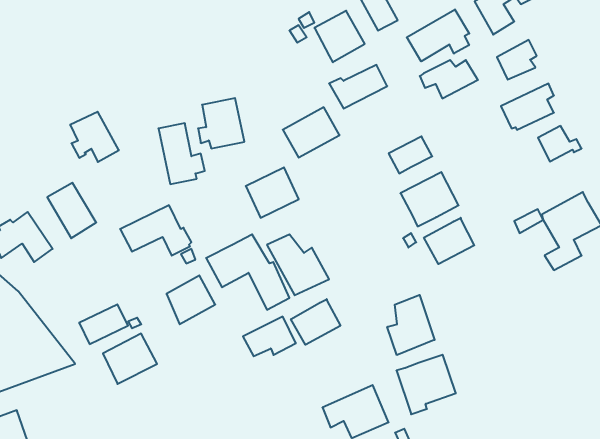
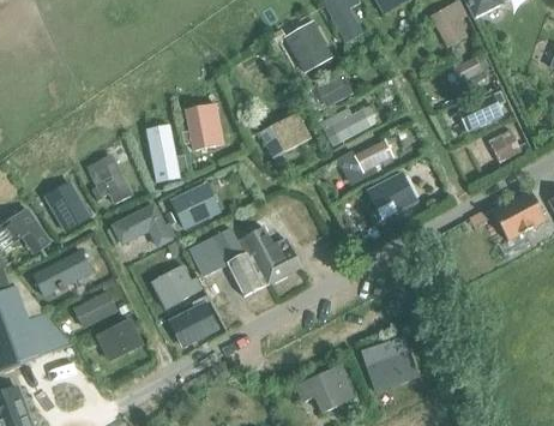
building: [407,9,469,61] -> none
building: [420,60,478,98] -> [319,107,372,142]
building: [70,112,119,162] -> [89,158,133,204]
building: [246,167,299,218] -> [171,181,219,227]
building: [424,218,474,264] -> none
building: none -> [32,256,82,294]
building: [387,295,435,355] -> none
building: [291,299,340,345] -> none
building: [243,317,296,356] -> [168,302,216,338]

